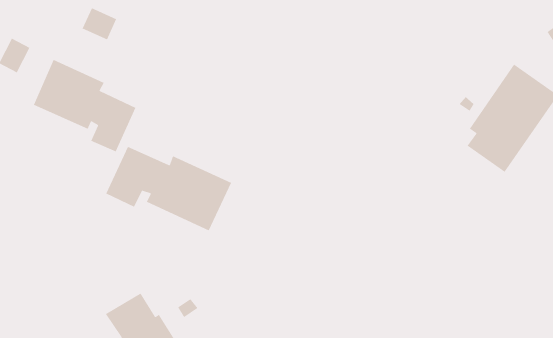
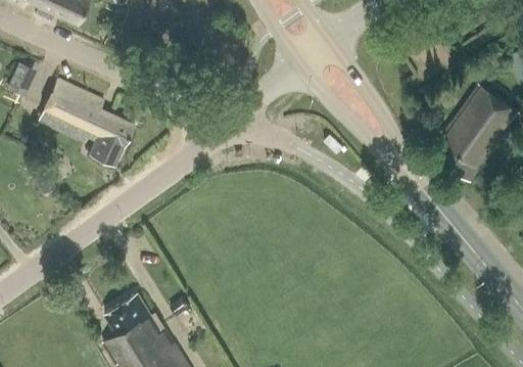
building: [82,7,117,40] -> none
building: [105,146,232,231] -> none

